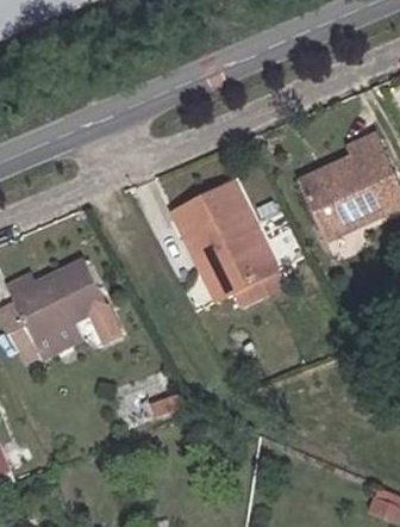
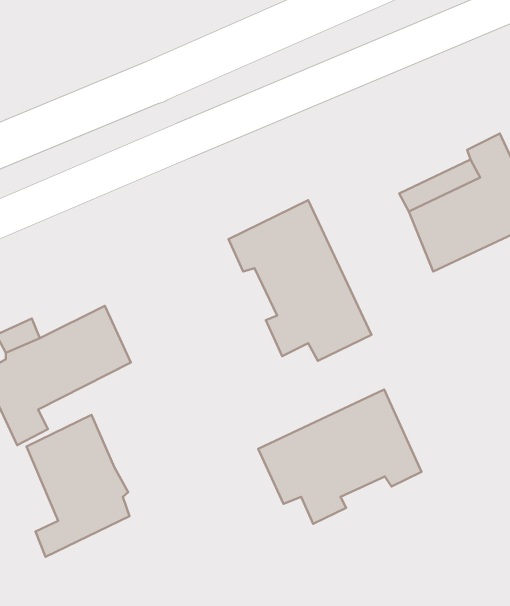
building: none -> [258,390,421,524]
building: none -> [26,415,130,557]

